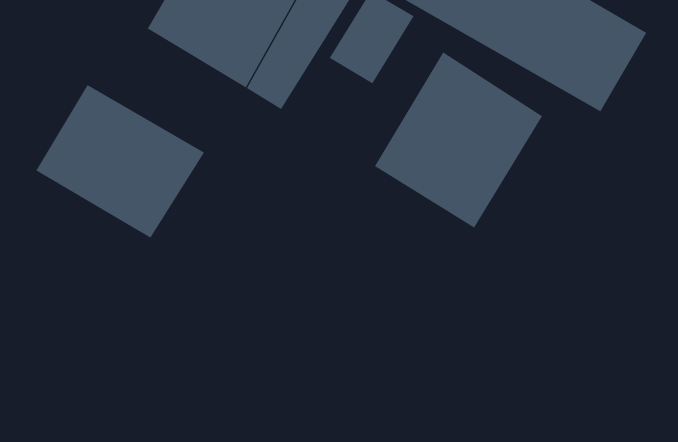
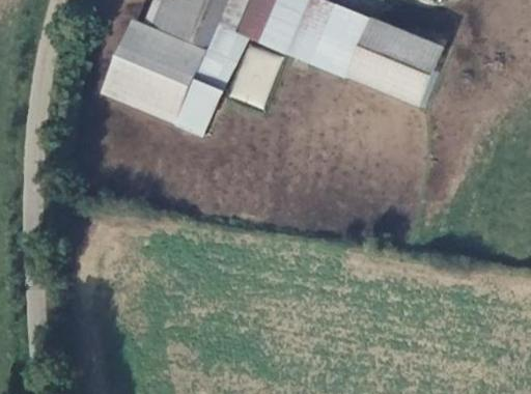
building: [374,52,543,228] -> none
building: [36,84,205,238] -> none

